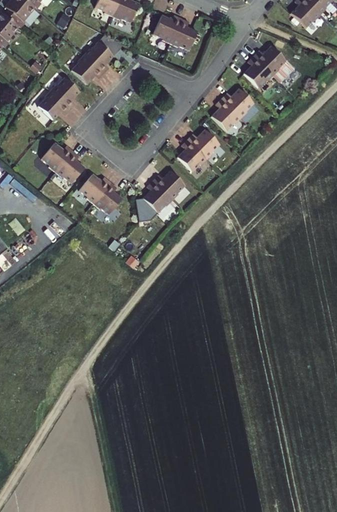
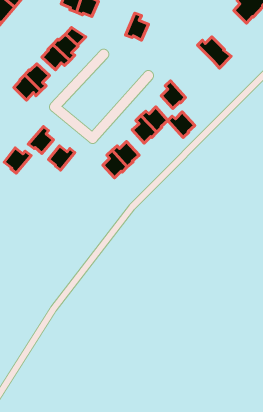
building: [151,14,180,43] -> none
building: [243,55,273,87] -> none
building: [222,87,254,117] -> [168,112,195,137]
building: [40,142,72,172] -> [4,148,31,173]
building: [92,182,121,215] -> none

